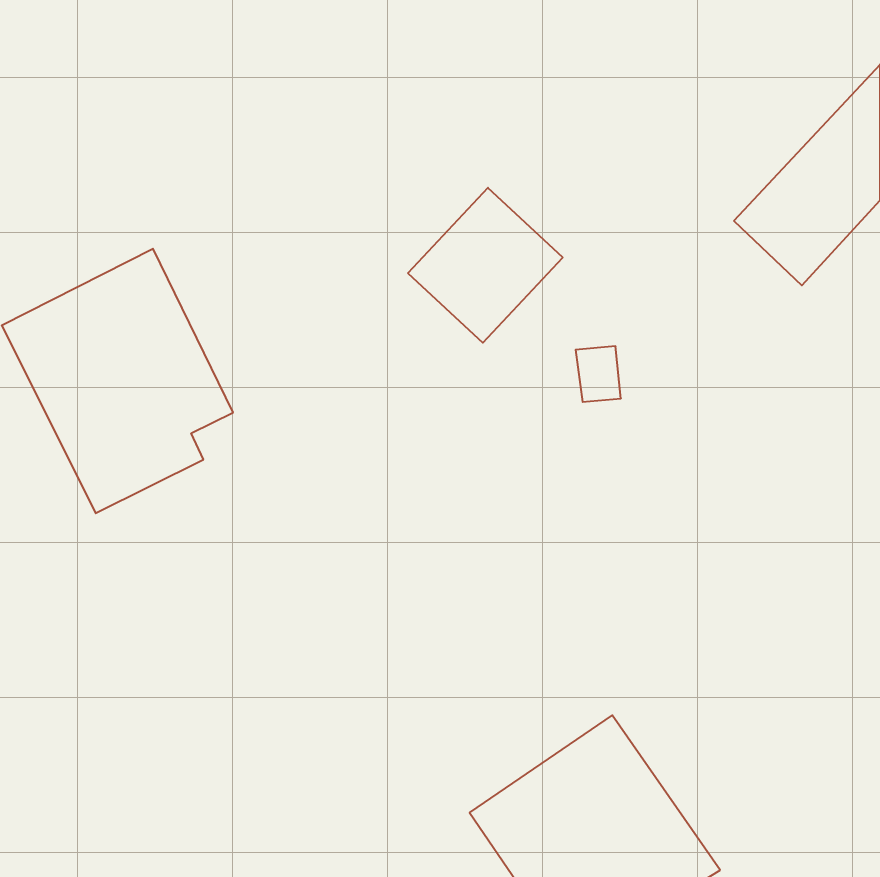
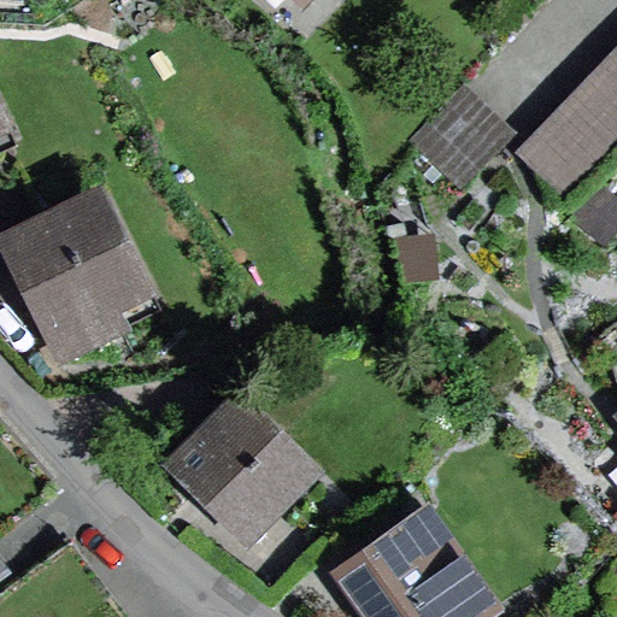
building: [408,188,563,343] -> [401,87,509,194]
building: none -> [164,387,324,546]

